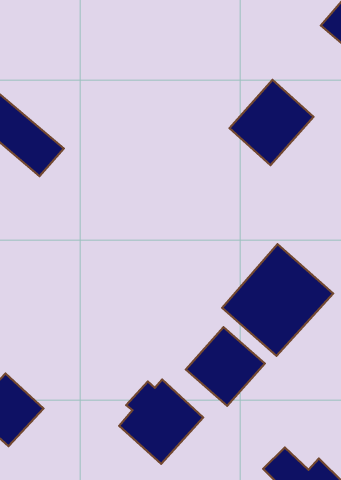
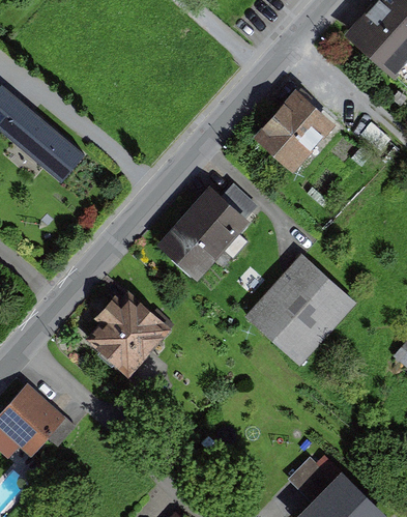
building: none -> [156,183,252,280]
building: [186,327,265,406] -> none
building: [119,380,203,464] -> [86,291,171,376]

